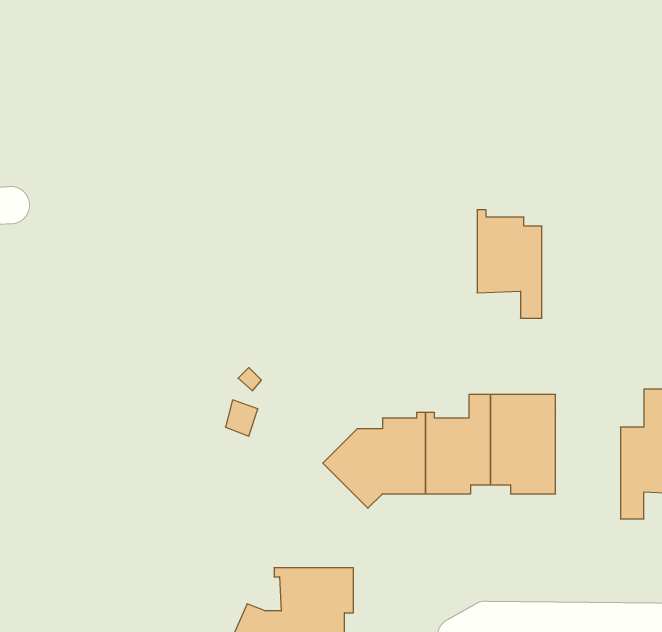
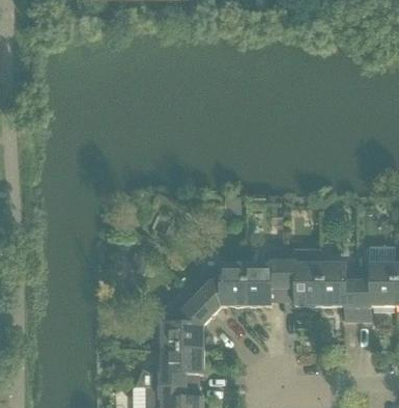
building: [477,210,542,318] -> [320,260,358,322]
building: none -> [159,290,212,350]

